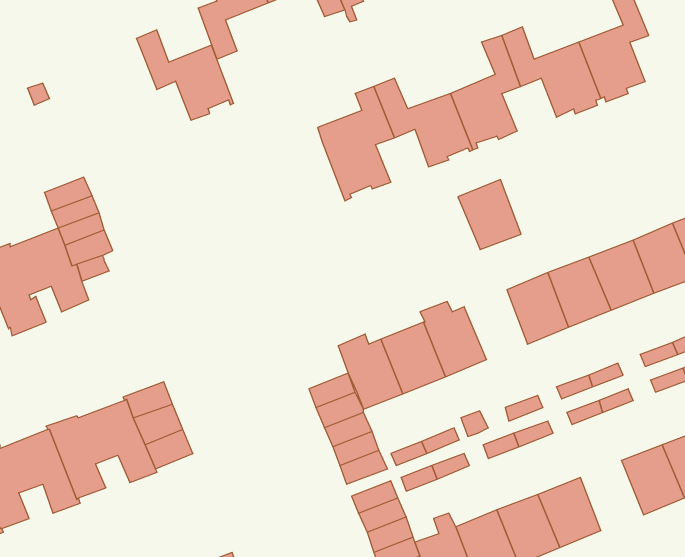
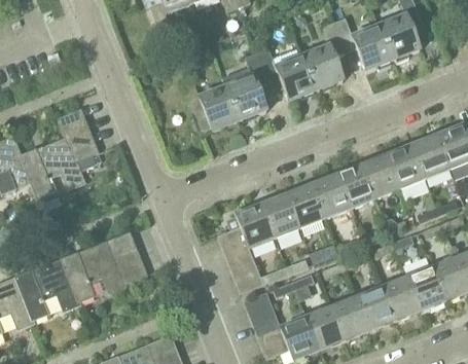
building: [136,30,234,120] -> [180,77,239,132]
building: [458,180,521,250] -> [311,175,349,217]
building: none -> [381,278,419,320]

